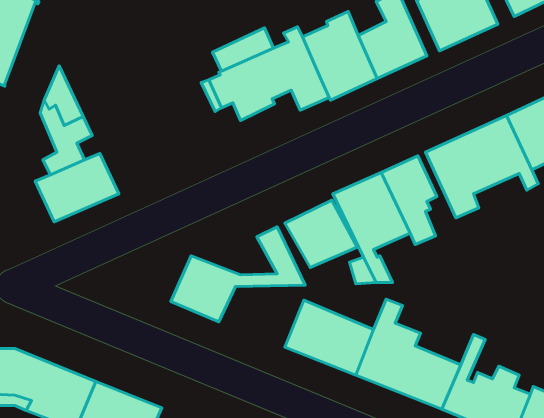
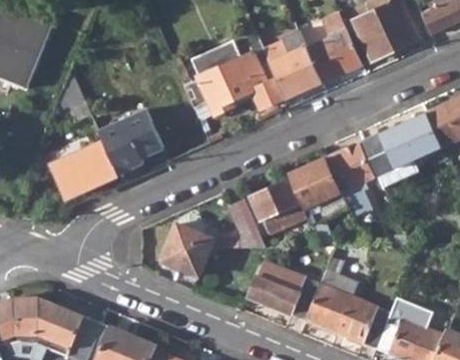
building: none -> [99,93,163,174]

